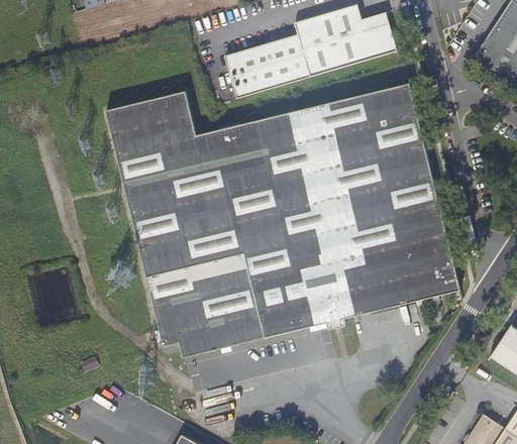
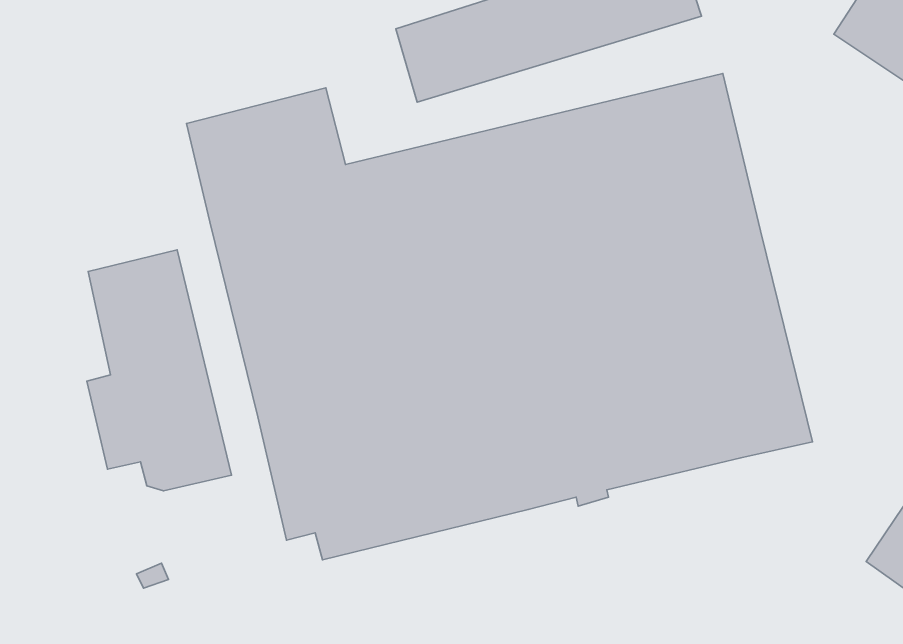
building: none -> [87,250,232,491]

